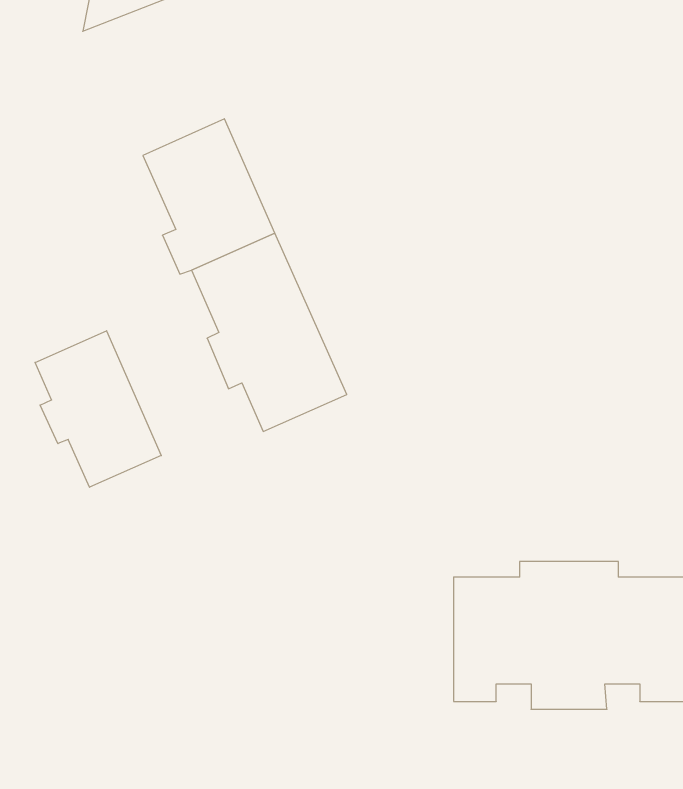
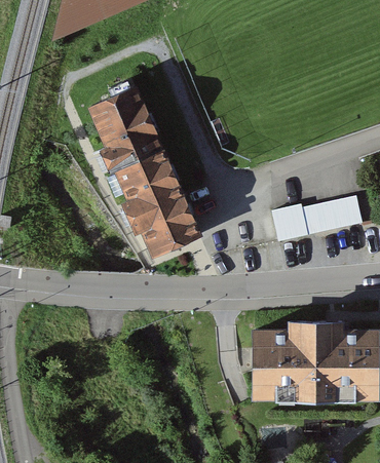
building: none -> [273,193,365,241]
building: [35,331,161,487] -> none

